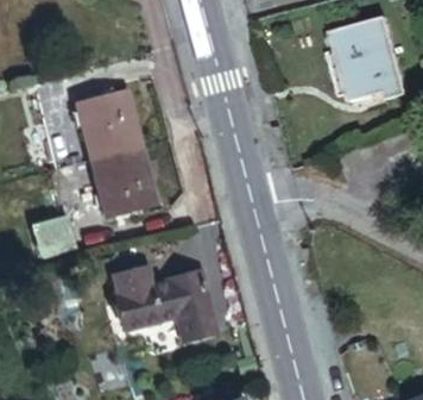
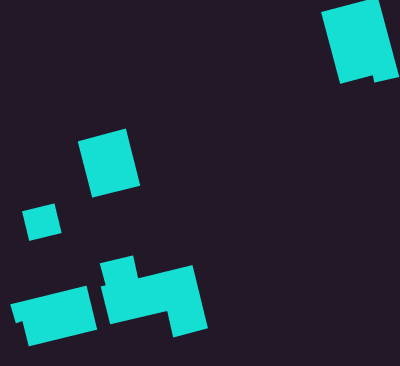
building: [77,90,140,158] -> none
building: none -> [9,285,98,347]

